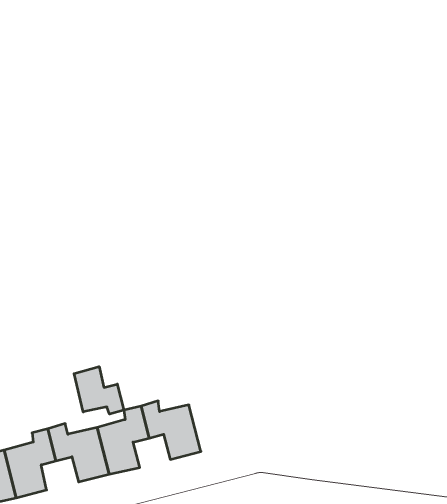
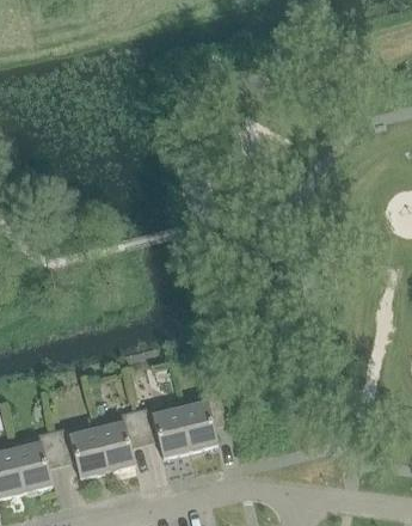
building: [74,367,124,414] -> none
building: none -> [179,387,226,449]

